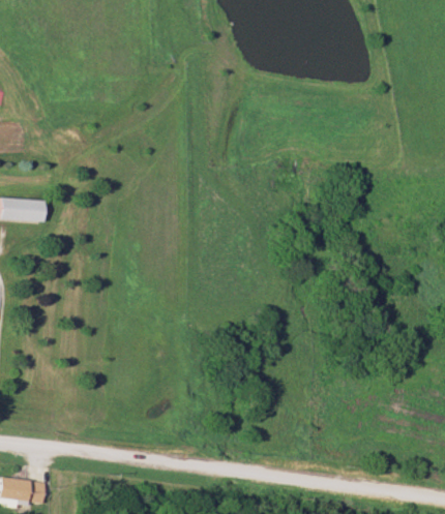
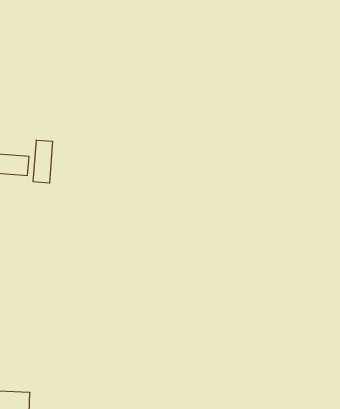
building: none -> [33,140,52,183]

